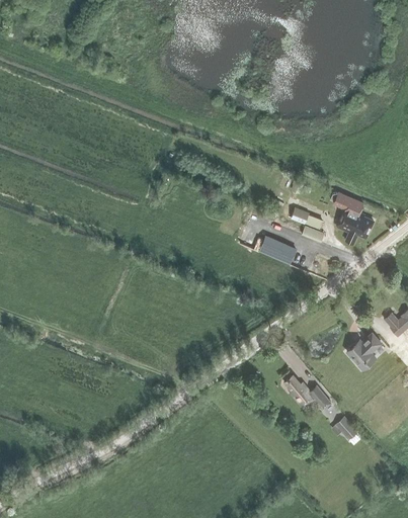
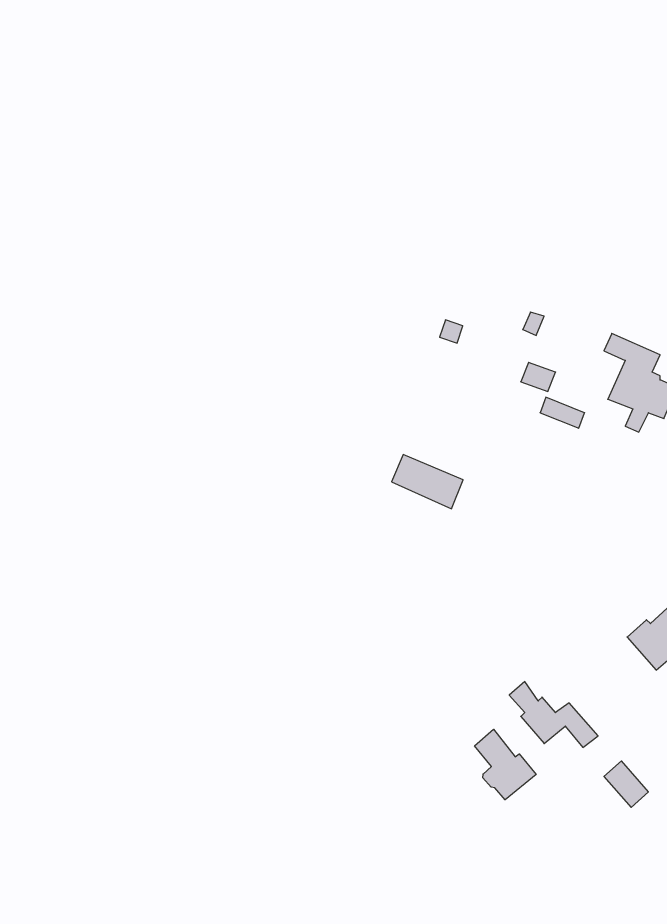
building: [258,236,296,264] -> [392,455,463,509]
building: none -> [475,729,536,800]

